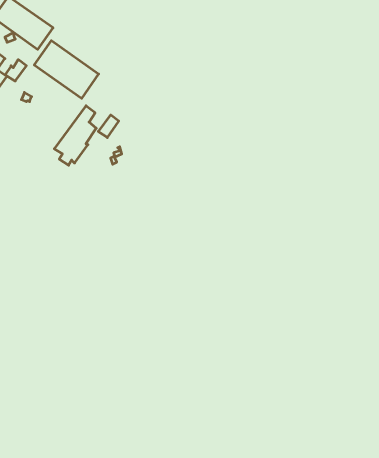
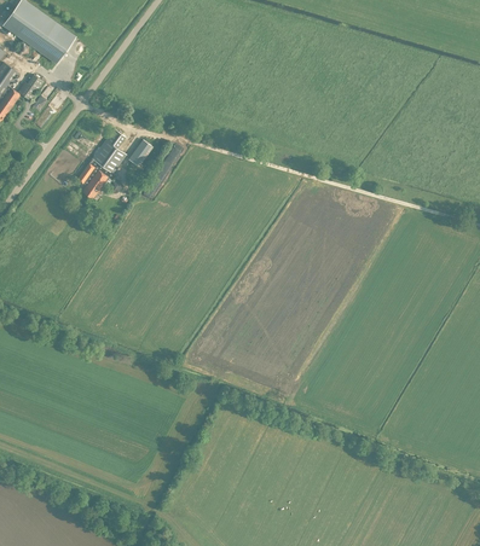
building: [34,41,99,98] -> none

